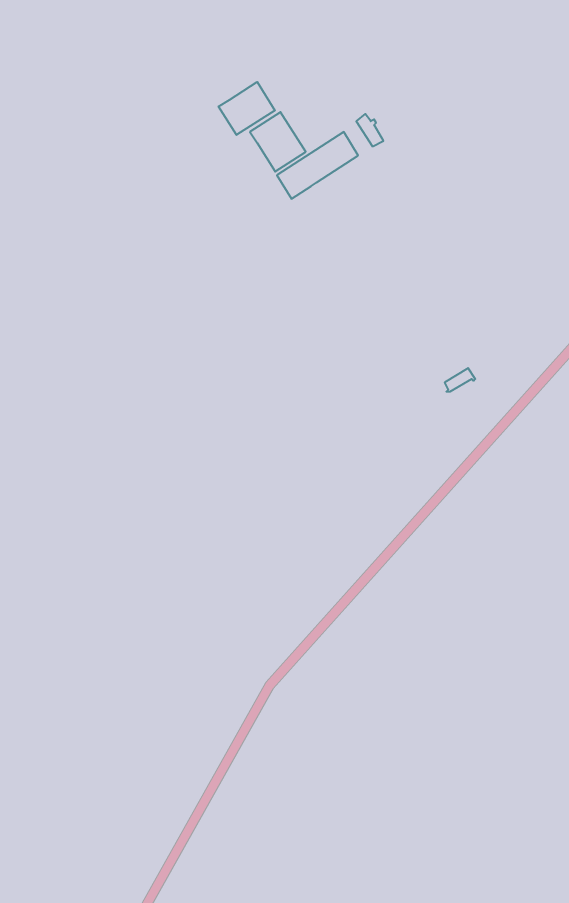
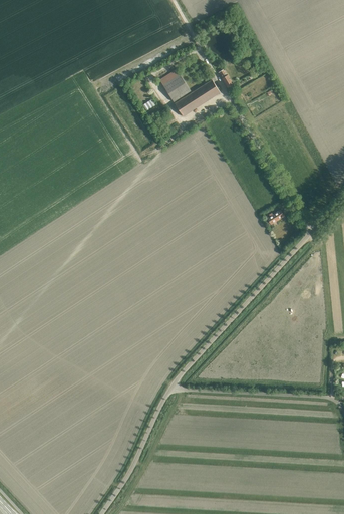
building: [219,82,275,135] -> none

